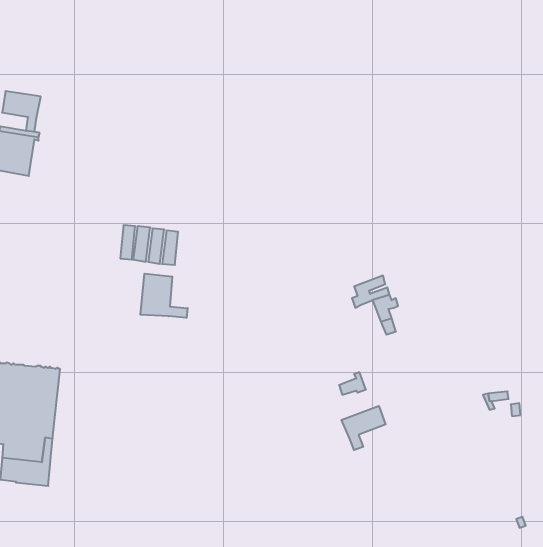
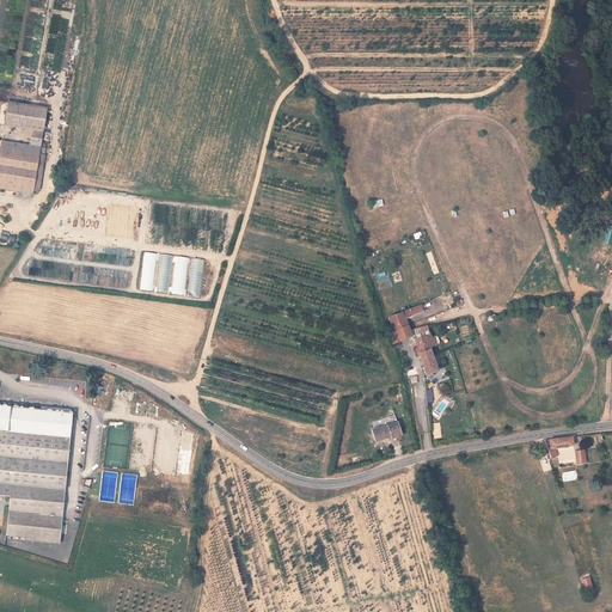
building: [140,274,188,318] -> none
building: [341,406,386,450] -> none

